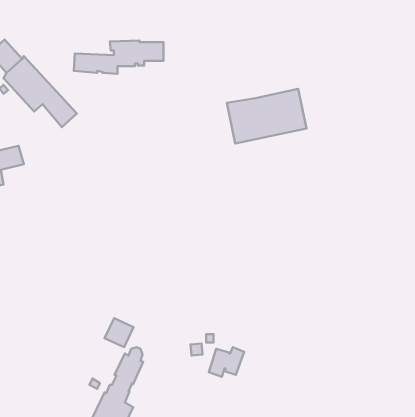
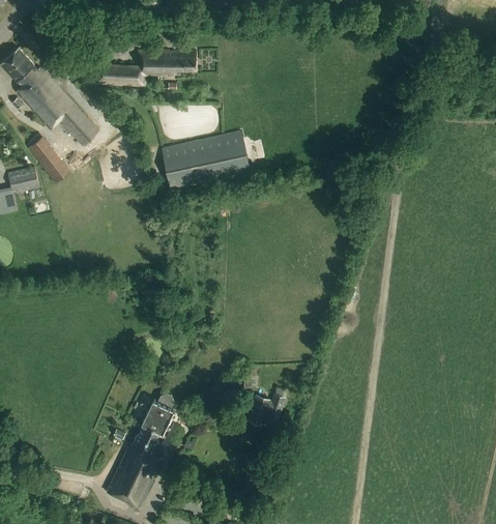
building: [227,89,306,143] -> [162,130,251,192]
building: none -> [27,135,69,181]
building: [105,318,134,347] -> none

